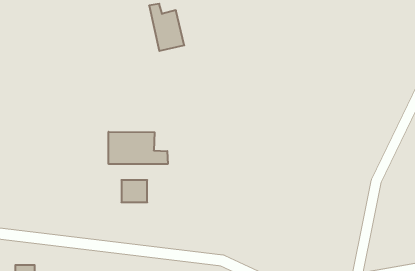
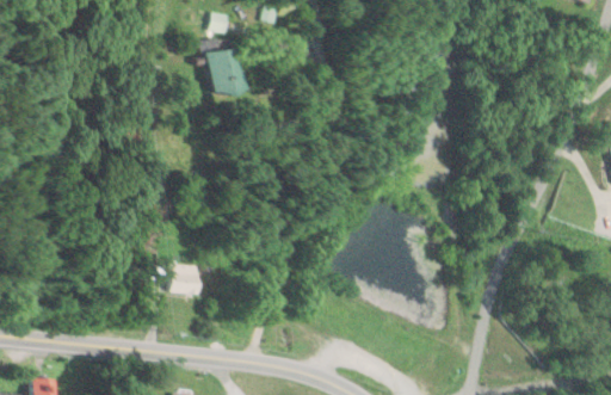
building: [109,132,168,164] -> none

